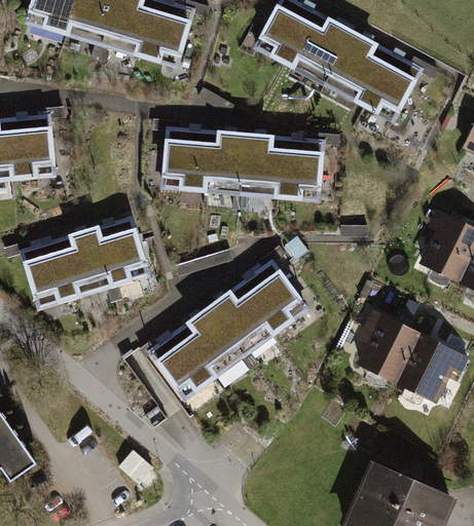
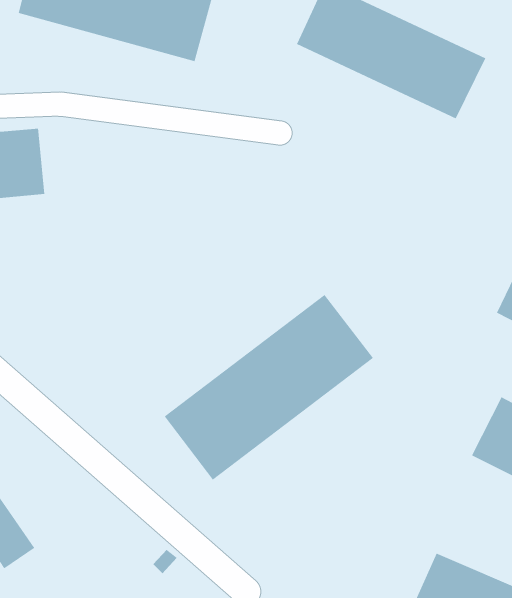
building: [162,126,321,196] -> none
building: [23,220,150,312] -> none
building: [353,315,424,386] -> none

